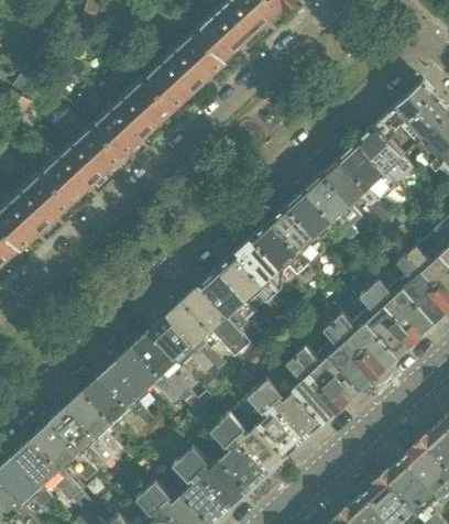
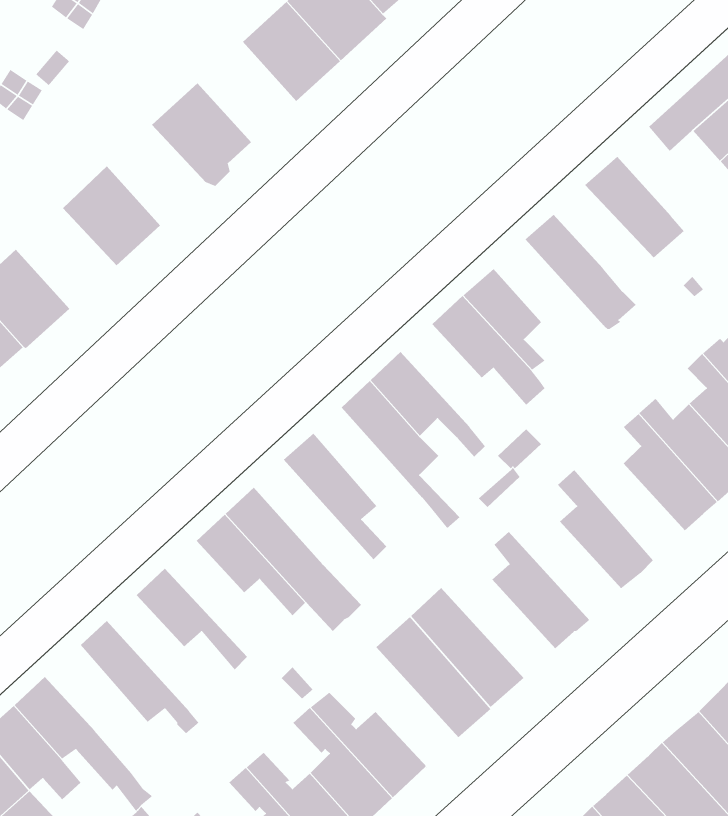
building: [118,77,174,134] -> none
building: [66,124,124,182] -> none
building: [357,125,405,176] -> none
building: [320,159,392,223] -> none
building: [14,172,72,229] -> none
building: [286,189,349,245] -> none
building: [233,238,280,296] -> none
building: [184,285,251,357] -> none
building: [327,307,395,372] -> none
building: [150,315,218,378] -> none
building: [295,347,359,406] -> none
building: [99,361,154,427] -> none
building: [256,379,321,439] -> none
building: [66,392,121,458] -> none
building: [195,405,266,490] -> none
building: [31,421,97,483] -> none

